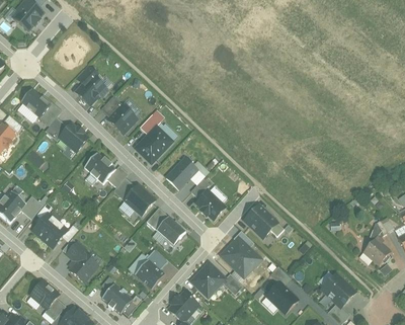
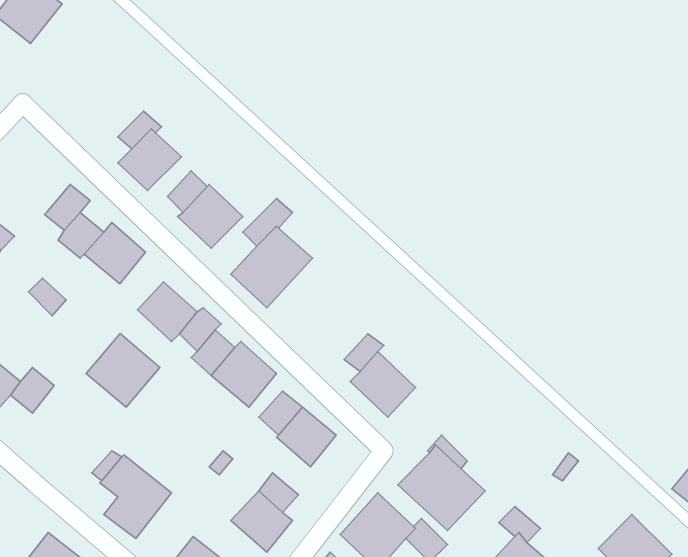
building: [20,85,52,116] -> none
building: [164,155,197,189] -> none
building: [242,200,279,238] -> none
building: [31,211,69,248] -> [86,334,160,407]

